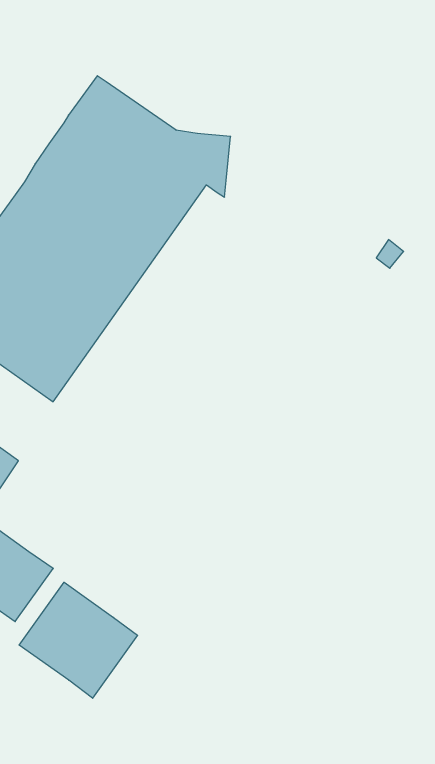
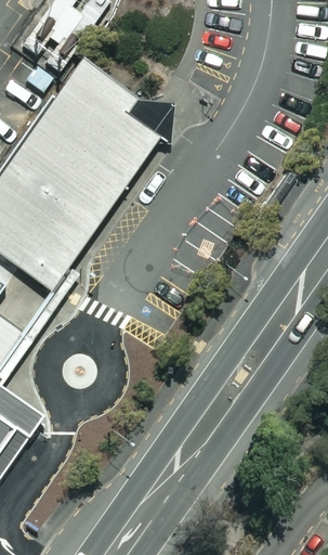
building: [19,582,138,698] -> none

